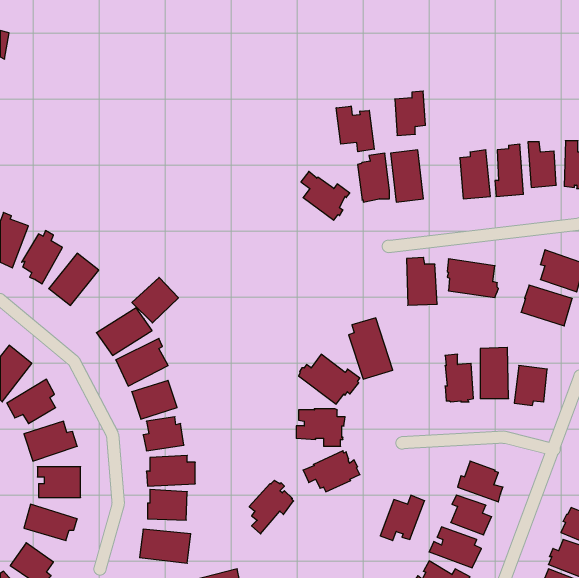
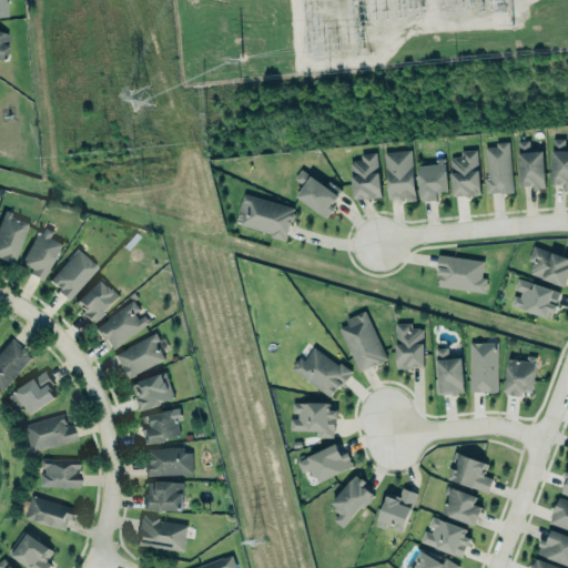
building: [395,91,425,135] -> [418,160,448,203]
building: [336,106,374,152] -> none
building: none -> [239,195,295,241]
building: [407,257,437,305] -> [395,324,425,371]
building: [132,277,178,323] -> [73,278,119,323]
building: [249,480,294,534] -> [332,476,375,528]

